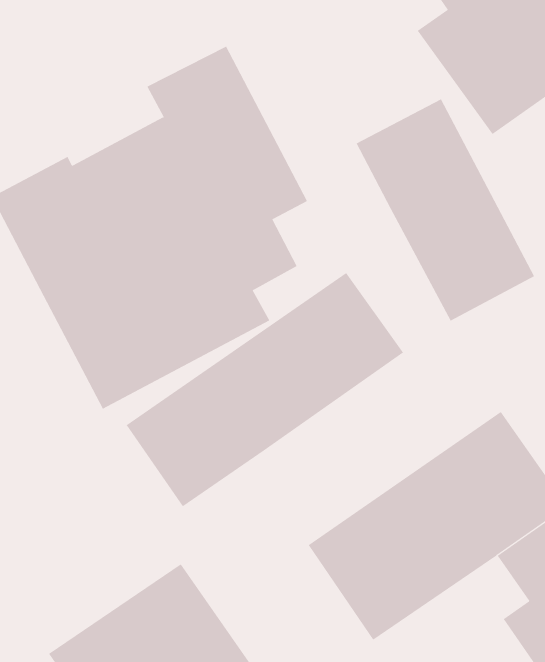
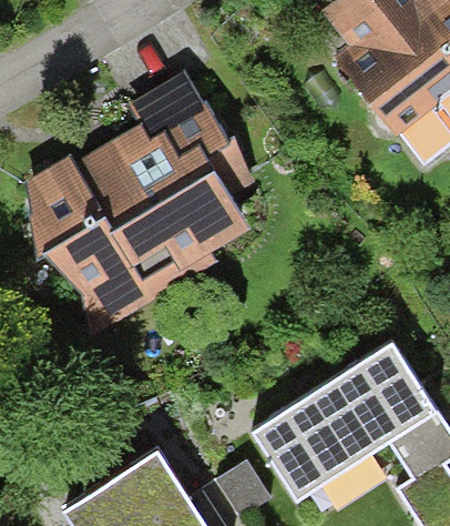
building: [356,99,535,322] -> none
building: [126,272,404,507] -> none

